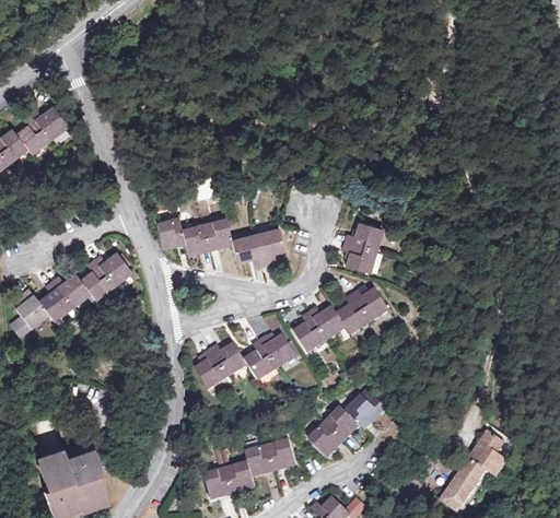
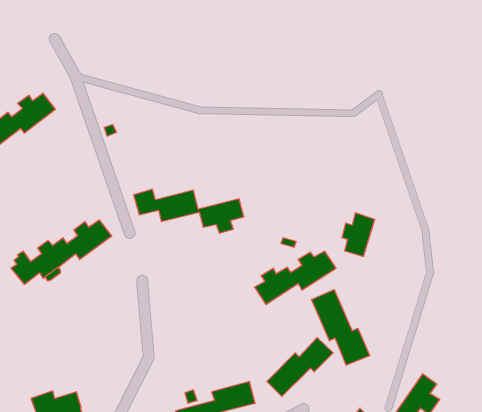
building: [342,223,381,273] -> [342,213,375,256]
building: none -> [311,290,370,365]
building: [196,334,295,388] -> none

